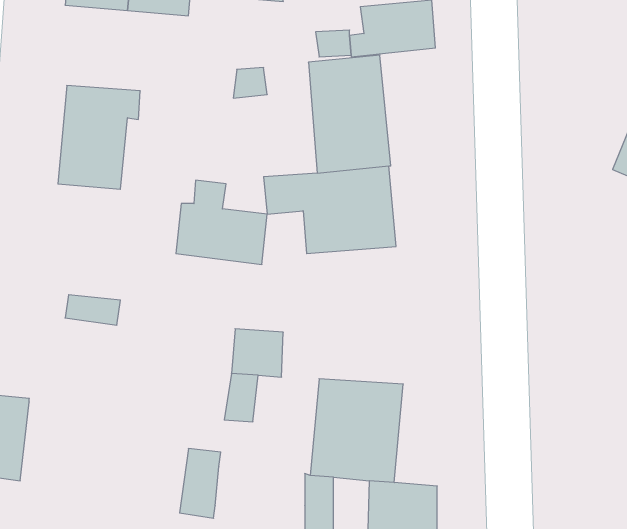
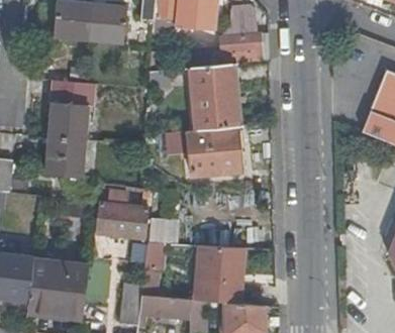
building: [176,180,267,264] -> [97,191,149,238]
building: none -> [46,136,85,175]
building: none -> [27,259,88,318]
building: none -> [138,296,189,323]

